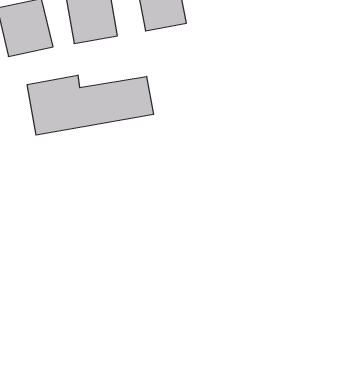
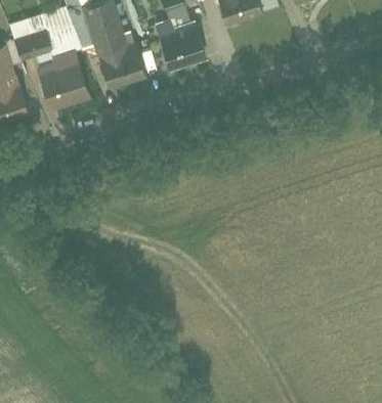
building: [27,75,154,135] -> none

